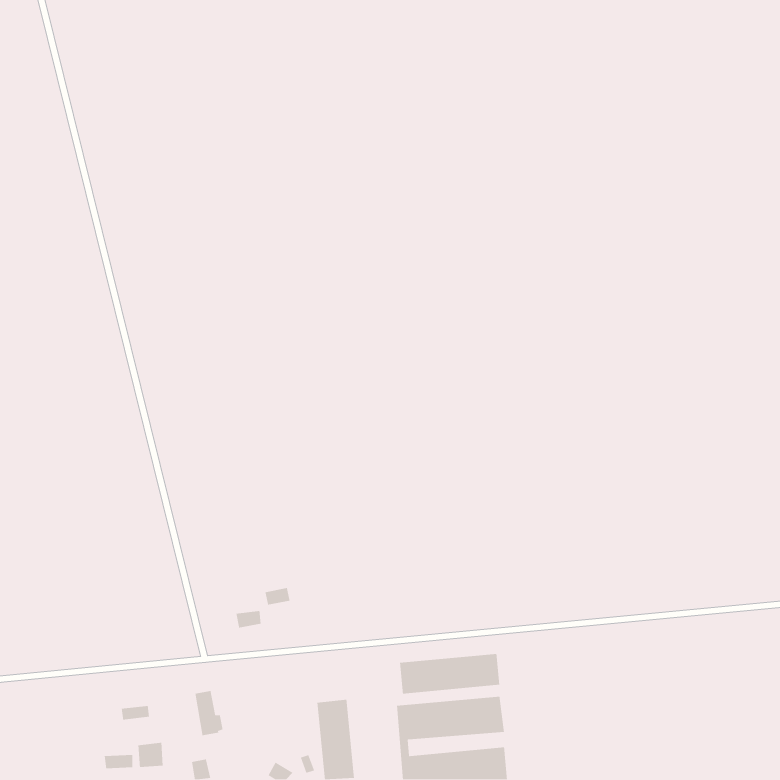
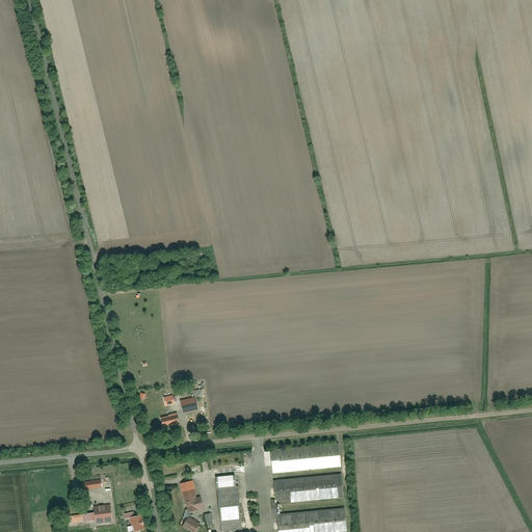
building: [194,690,223,736] -> [182,480,202,511]

